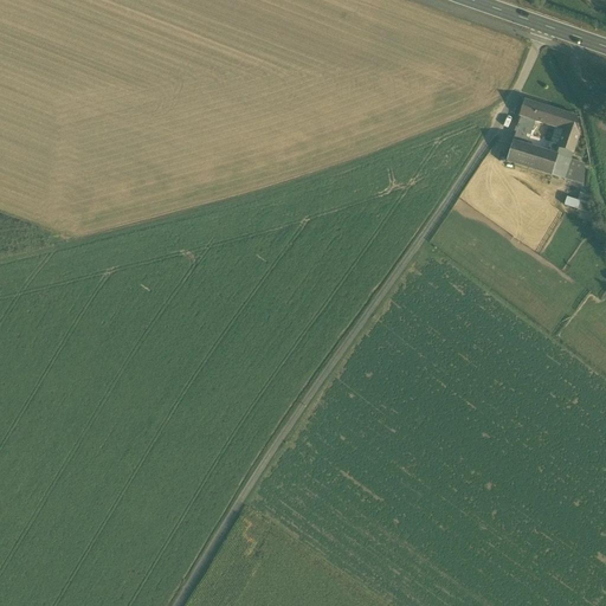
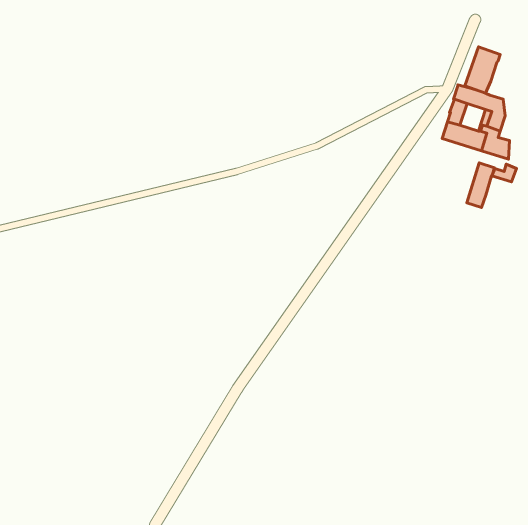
building: none -> [465,47,500,93]
building: none -> [467,163,494,207]

